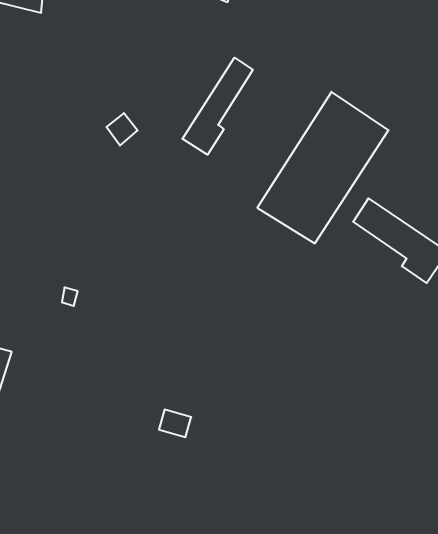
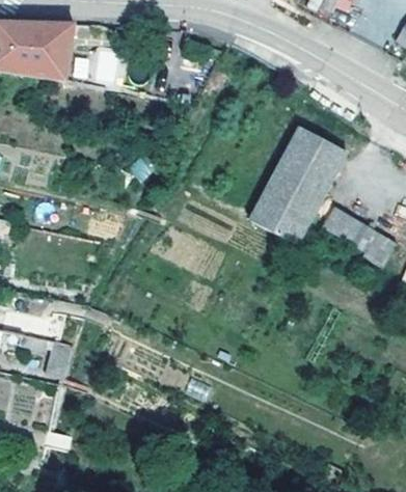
building: [182,58,253,155] -> none

